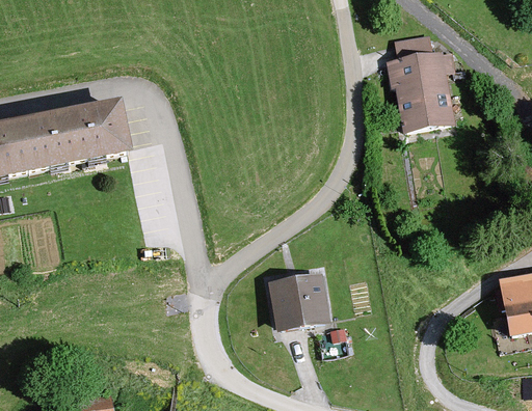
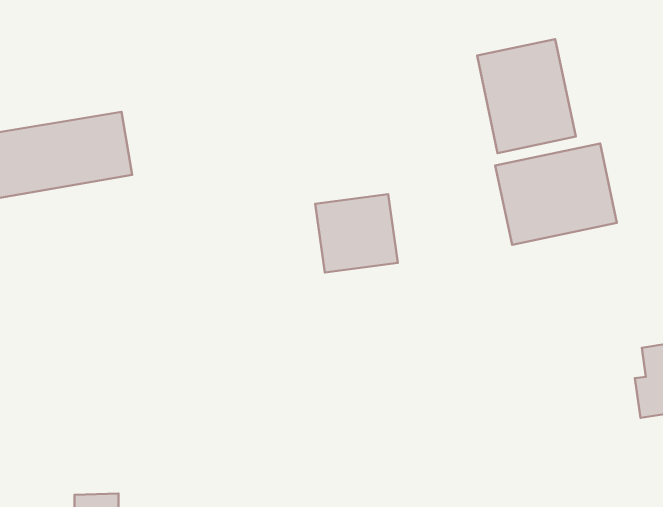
building: none -> [495,143,617,245]
building: [268,272,330,331] -> [315,194,398,273]

